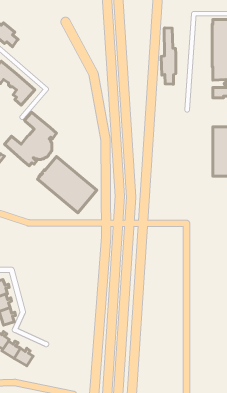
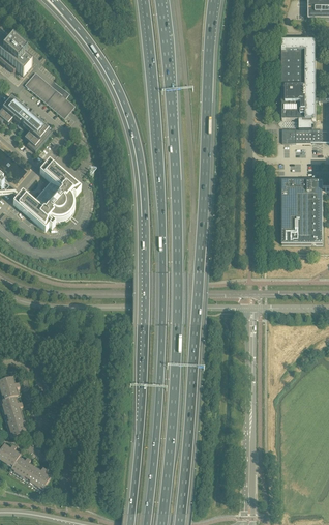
building: [161,28,176,84] -> none
building: none -> [24,70,74,115]
building: [38,157,97,213] -> none

